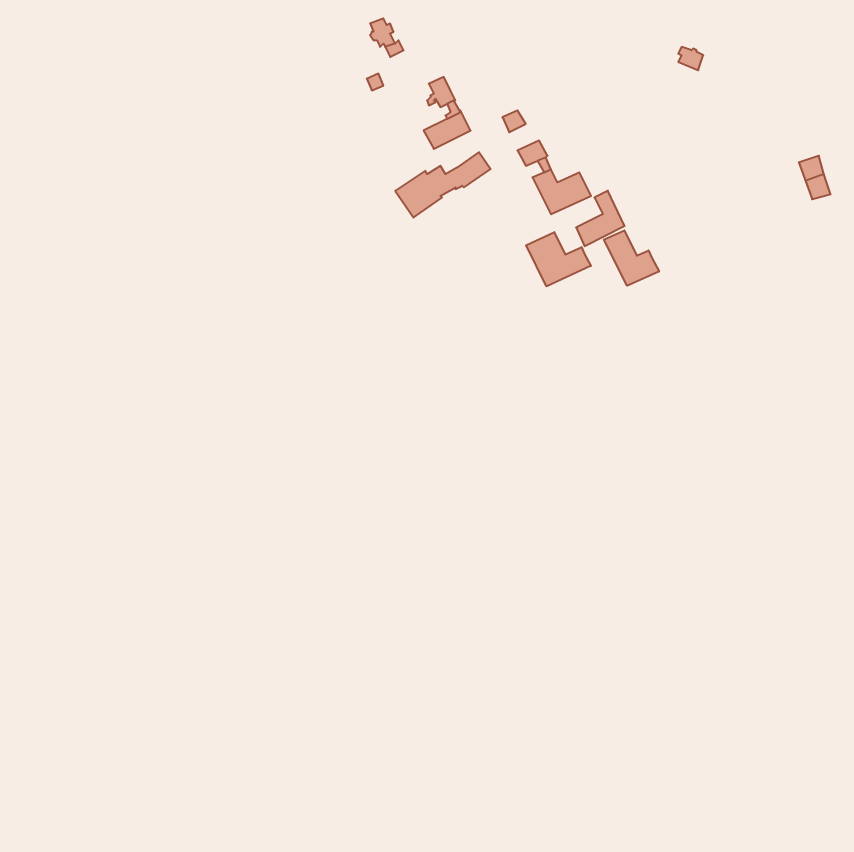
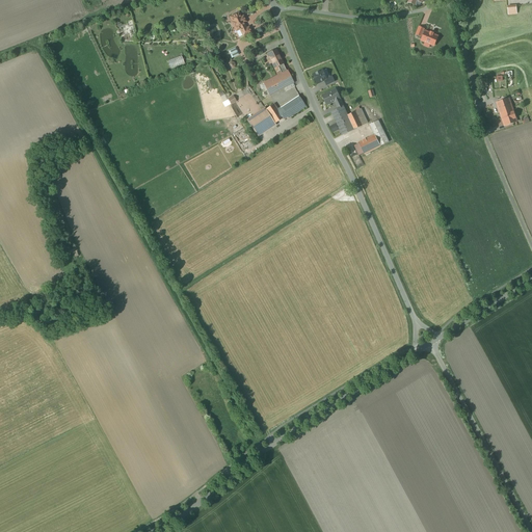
building: [604,230,659,286] -> none
building: [526,232,591,286] -> none

